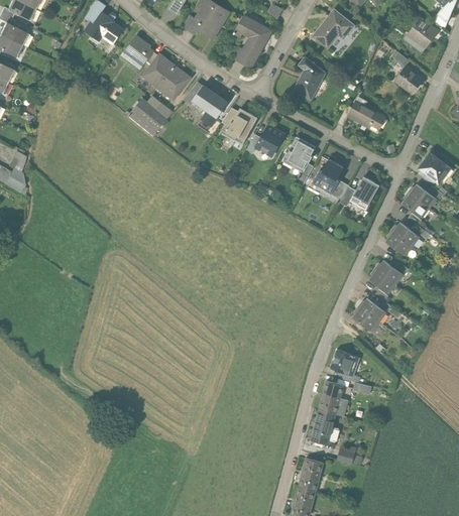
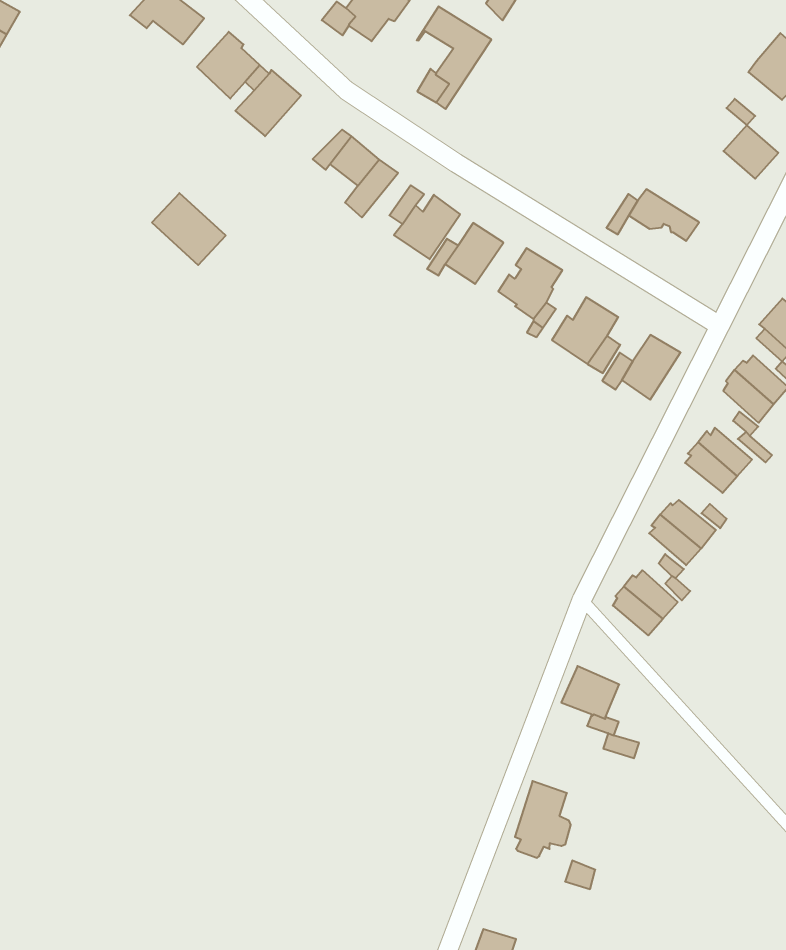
building: [314,10,353,47] -> none
building: [294,57,325,98] -> none
building: [158,66,191,99] -> none
building: [128,99,166,135] -> [152,193,226,265]
building: [318,380,343,414] -> none
building: [298,458,323,491] -> none

